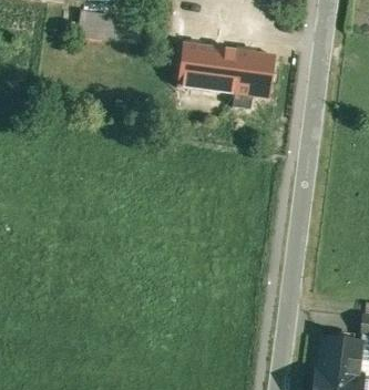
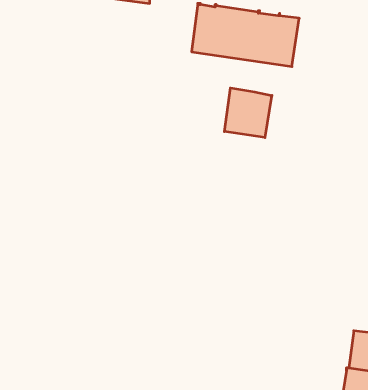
building: none -> [224,88,272,138]

